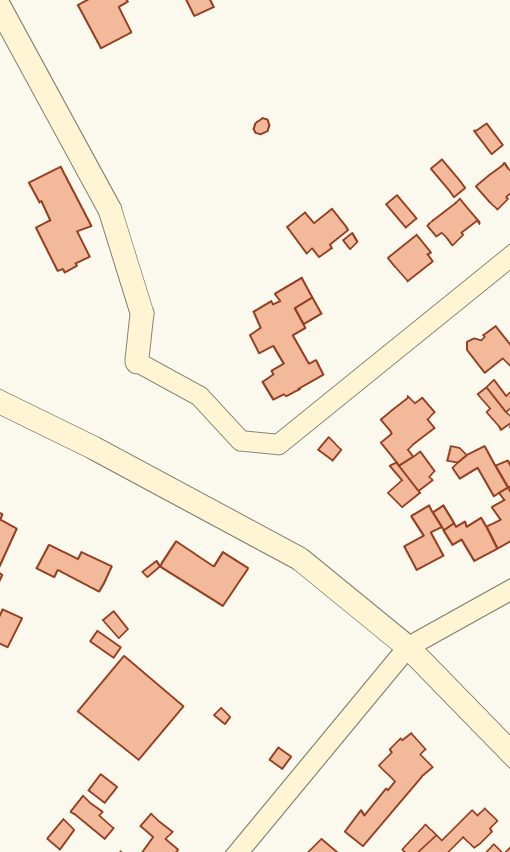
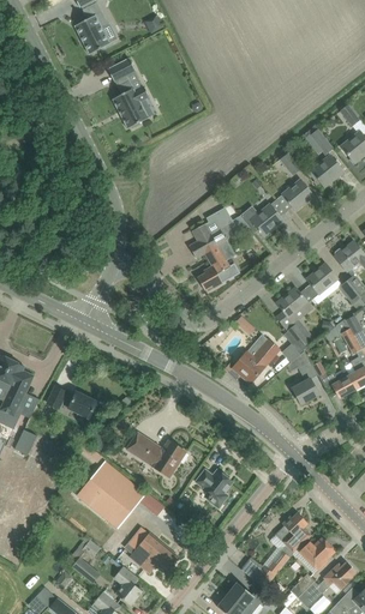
building: [29,167,91,273] -> [107,58,149,128]
building: [287,209,348,257] -> [240,203,281,235]
building: none -> [304,263,336,297]
building: none -> [231,338,279,384]
building: [160,541,248,606] -> [126,433,185,476]
building: none -> [196,469,232,506]
building: none -> [128,531,178,572]
building: none -> [299,537,334,570]

